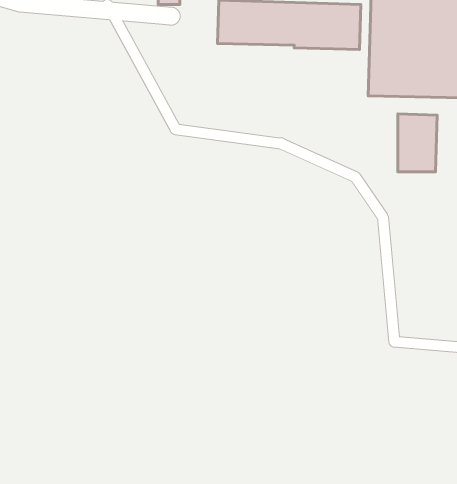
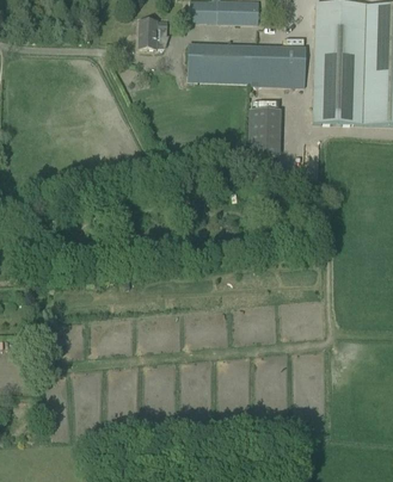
building: [398,114,437,172] -> [250,107,282,155]

